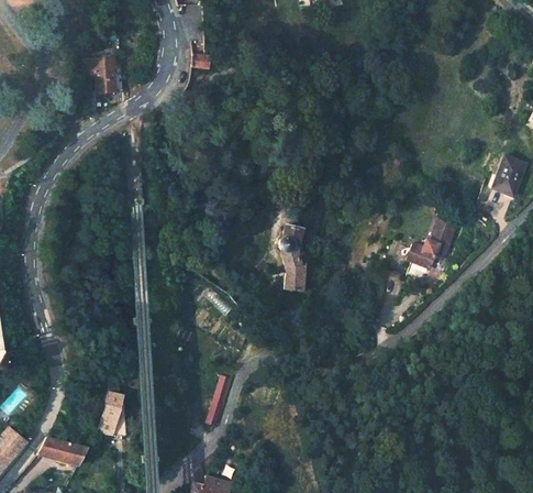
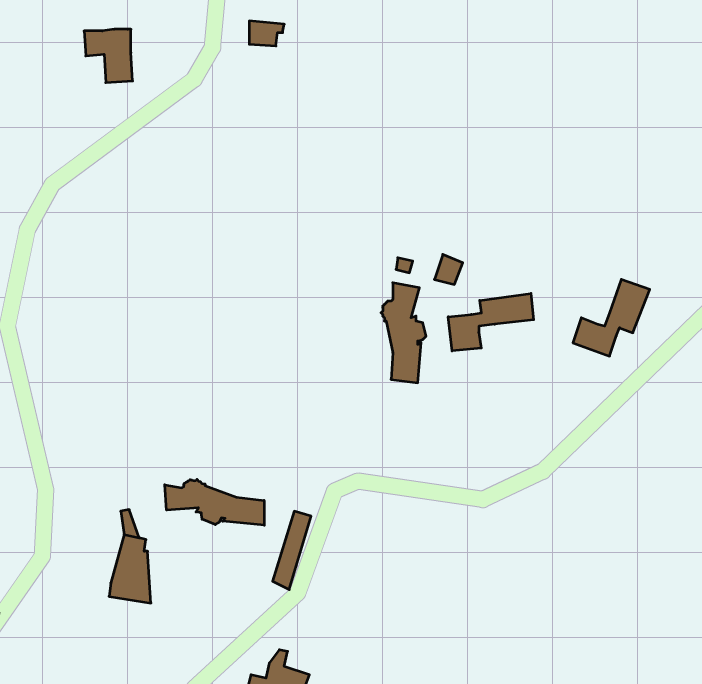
building: none -> [448,293,534,351]
building: none -> [165,479,264,525]
building: [36,436,88,465] -> none

